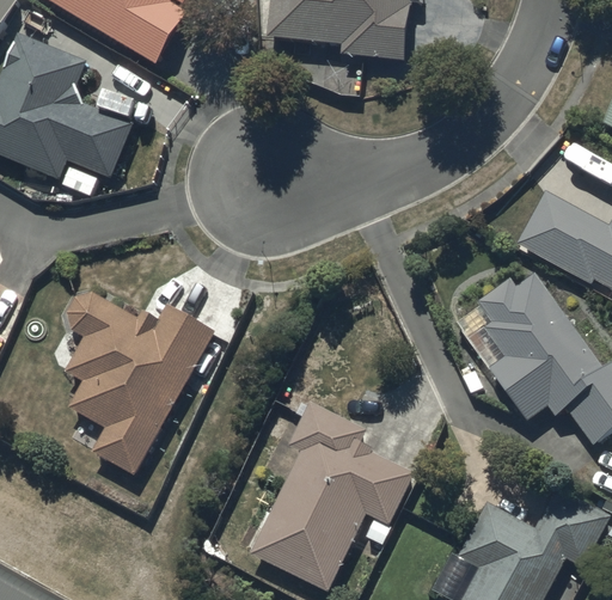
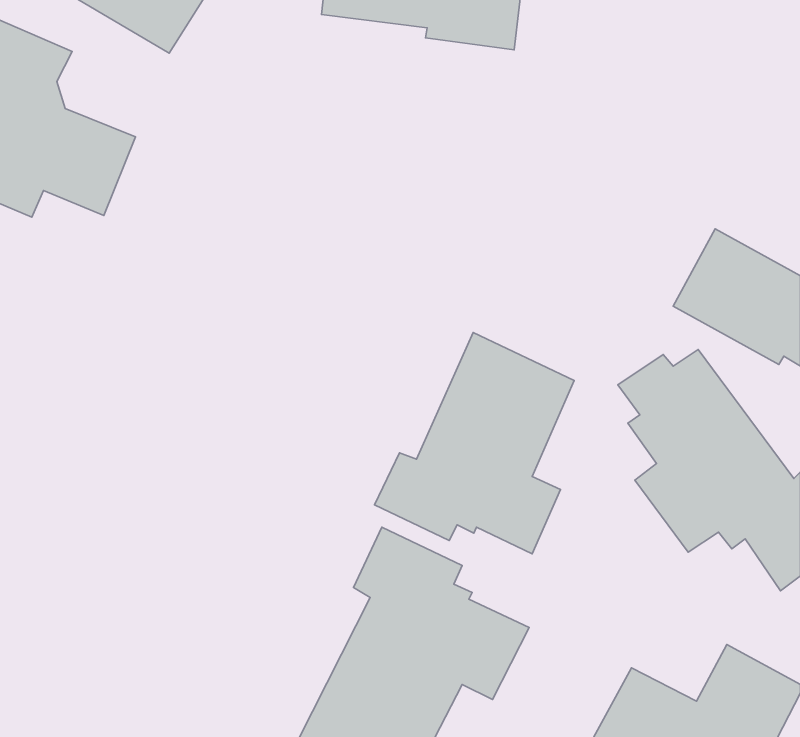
building: none -> [374,332,574,554]
building: [63,293,215,476] -> none

